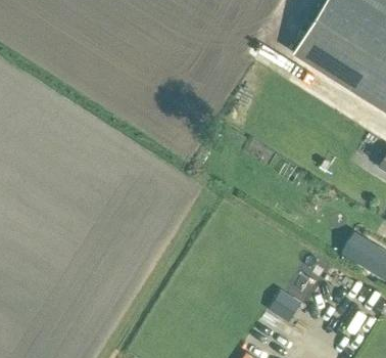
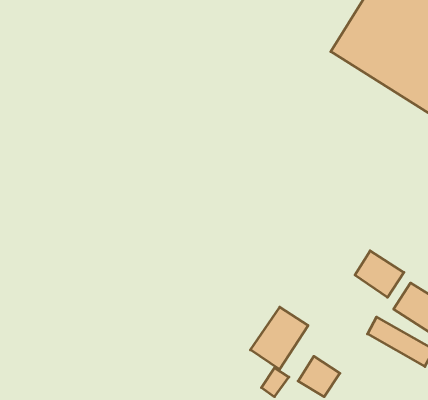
building: none -> [355,251,404,297]
building: none -> [250,307,308,369]

